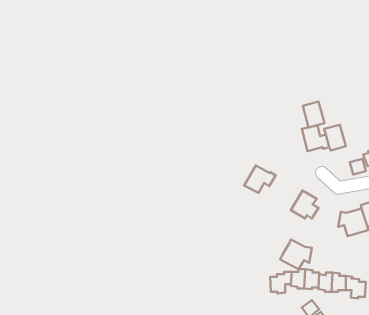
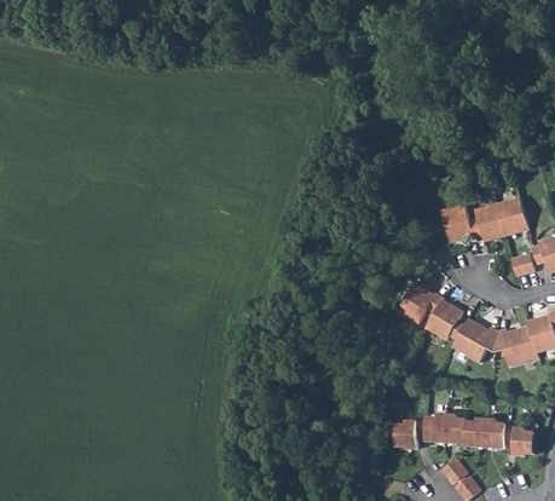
building: [303,102,324,127] -> [497,197,528,235]
building: [244,165,276,193] -> [398,283,444,323]
building: [280,239,312,269] -> [452,318,498,362]

